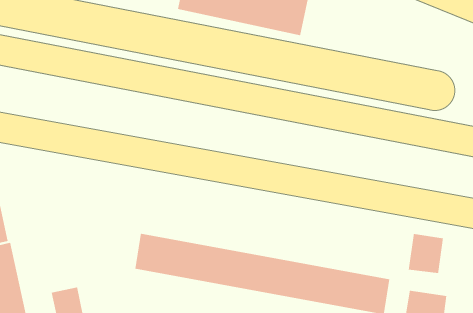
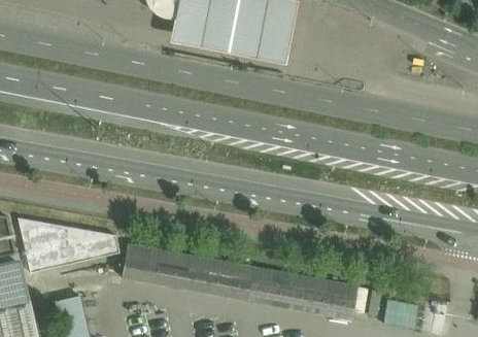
building: none -> [25,220,127,275]
building: [408,233,444,274] -> none

